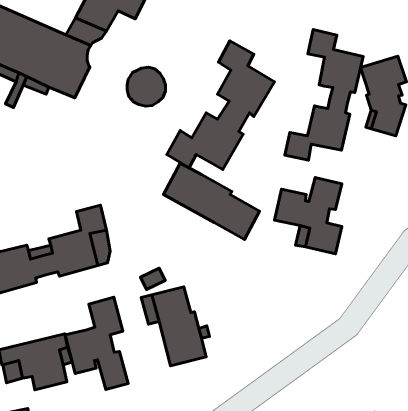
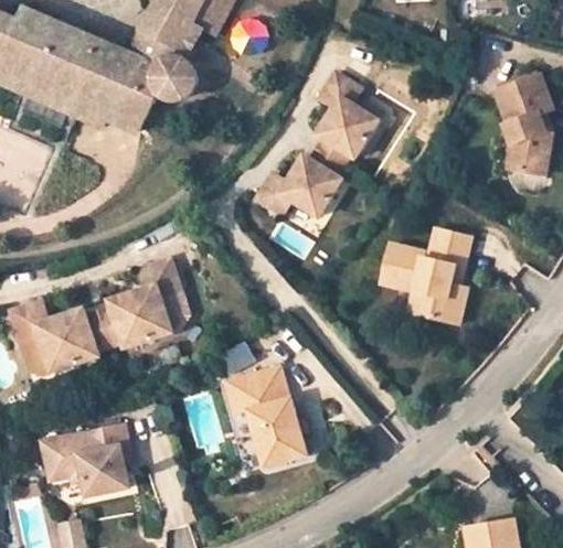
building: [285,29,363,160] -> none
building: [127,67,165,106] -> [155,55,202,104]
building: [163,163,260,239] -> none
building: [65,297,128,390] -> none

